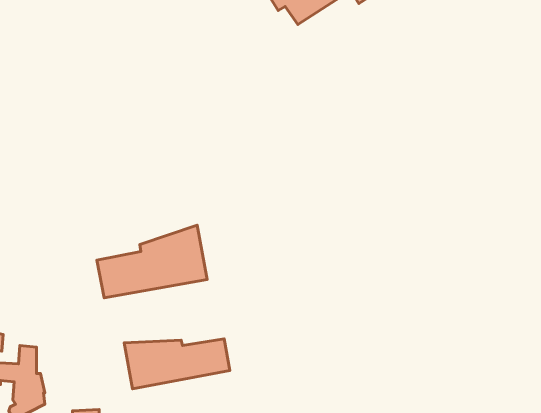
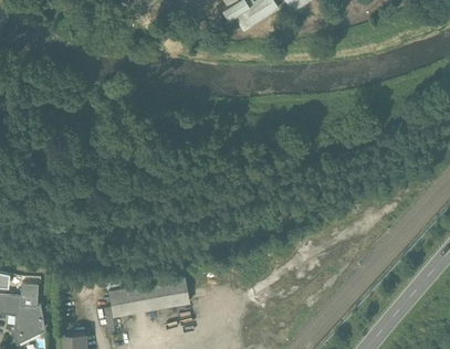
building: [97,225,207,298] -> none

